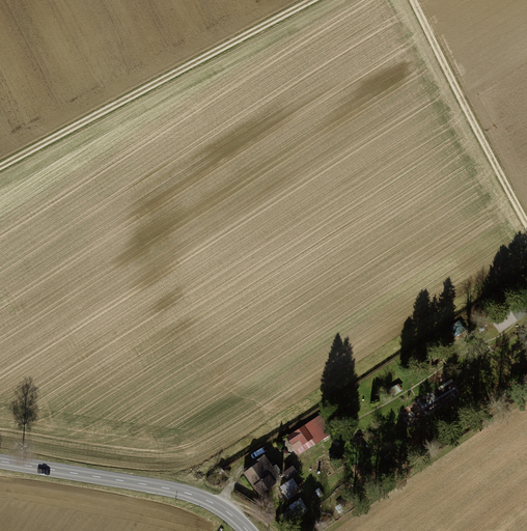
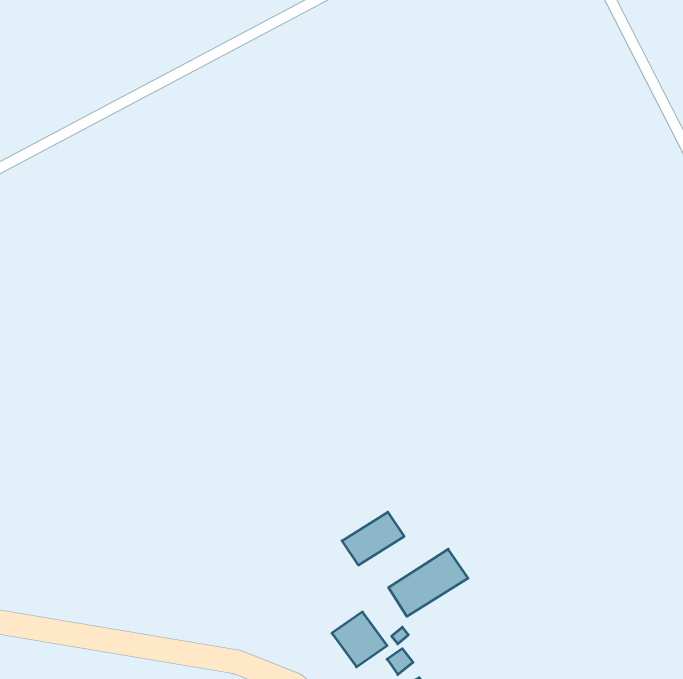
building: none -> [342,512,404,565]

